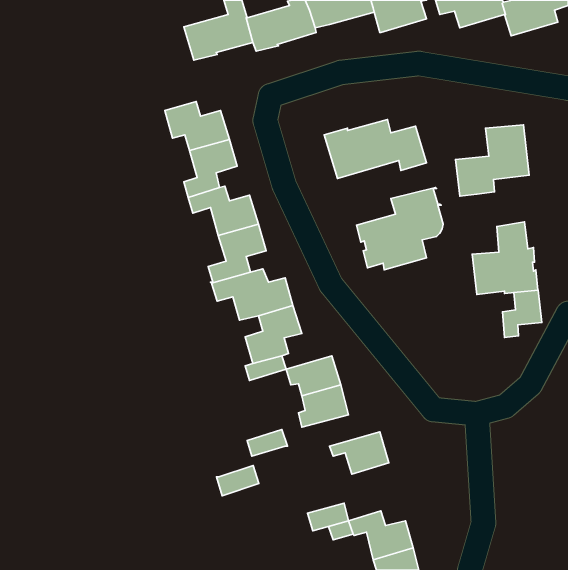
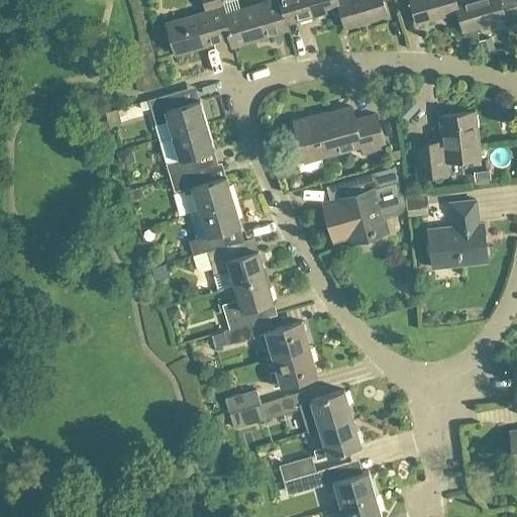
building: [503,290,542,338] -> none
building: none -> [313,419,360,460]
building: [217,466,259,496] -> [258,394,297,421]

